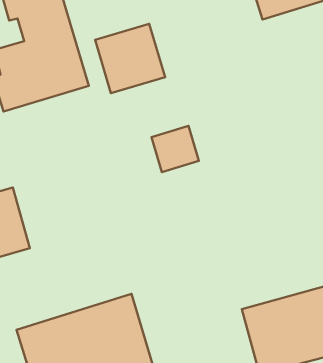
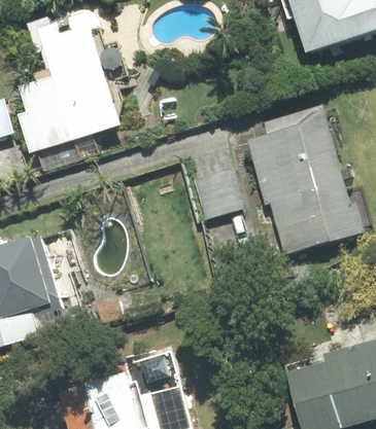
building: [95,24,165,93] -> none
building: none -> [244,105,363,254]

